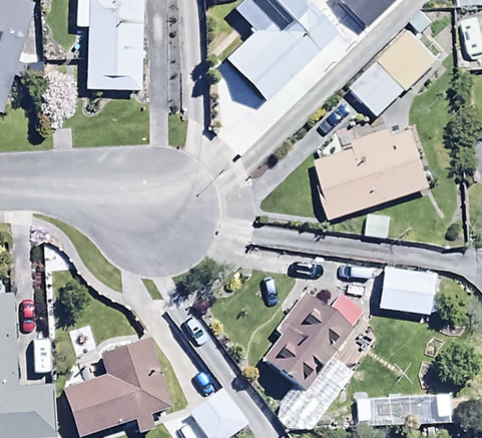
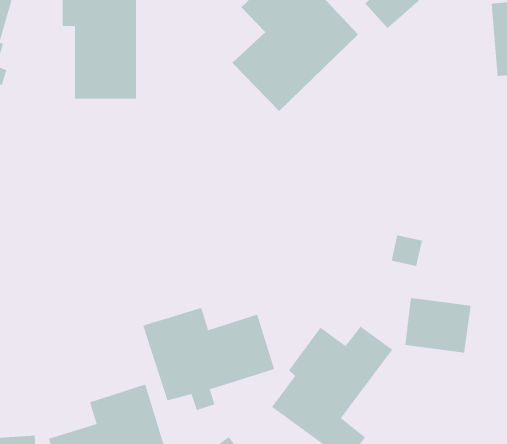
building: [353,27,440,115] -> none
building: [318,120,435,217] -> none
building: none -> [143,307,275,411]

